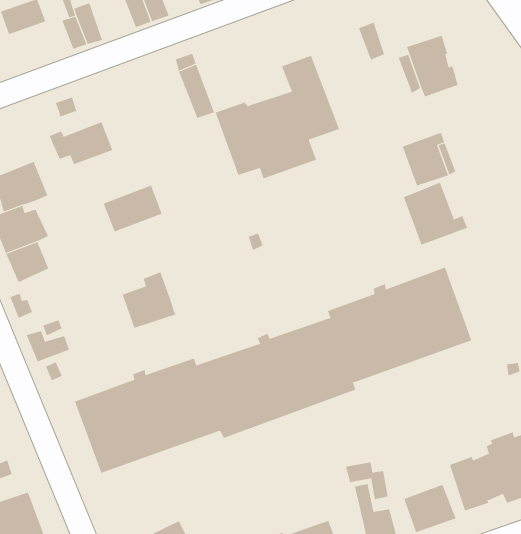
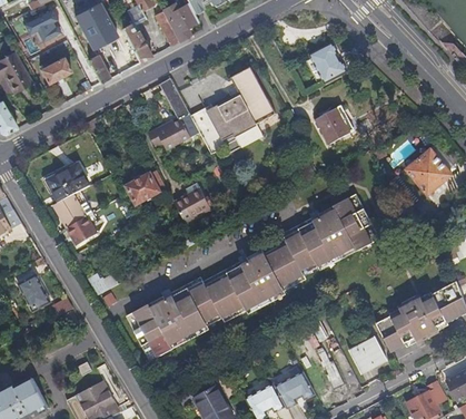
building: [49,121,113,165] -> [148,118,191,149]
building: [403,182,468,245] -> none
building: [122,271,177,329] -> [173,182,211,222]

